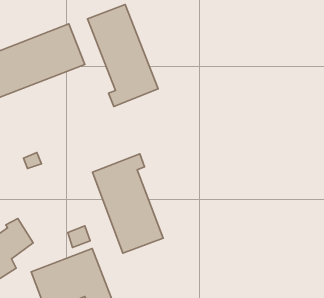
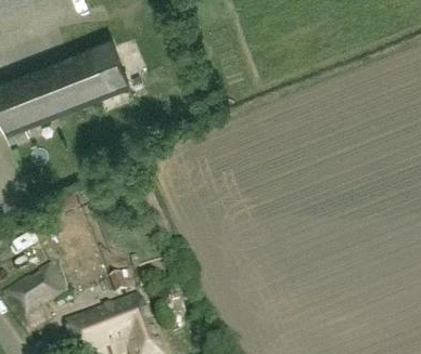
building: [87,4,158,107] -> none
building: [93,154,163,253] -> none

